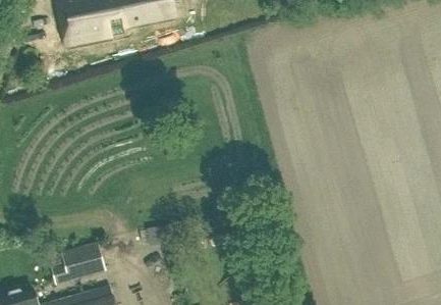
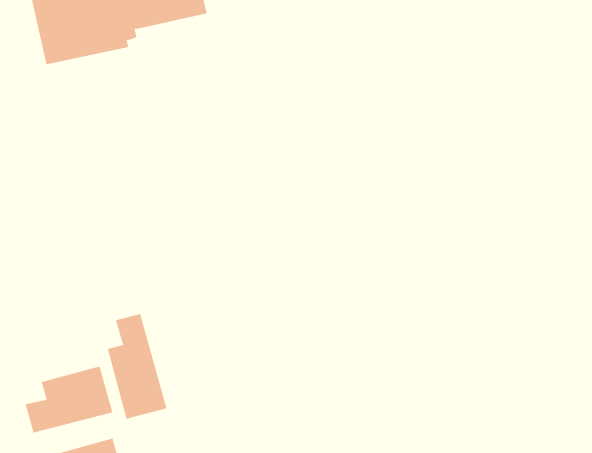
building: none -> [107,313,167,419]

